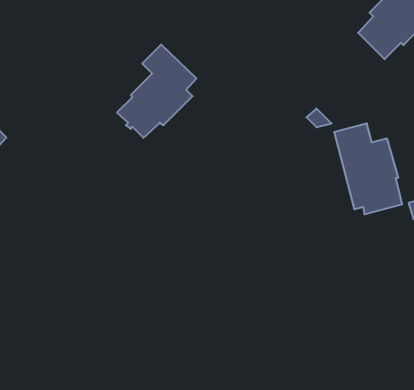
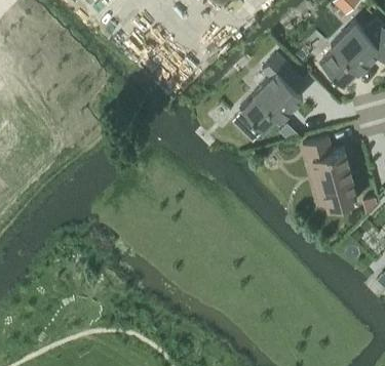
building: [117,45,196,138] -> [241,54,306,130]

